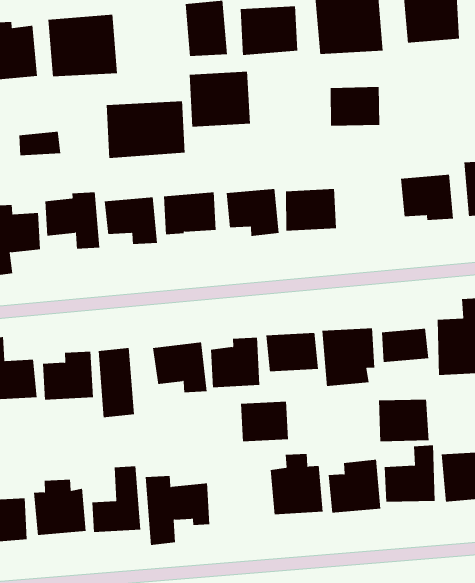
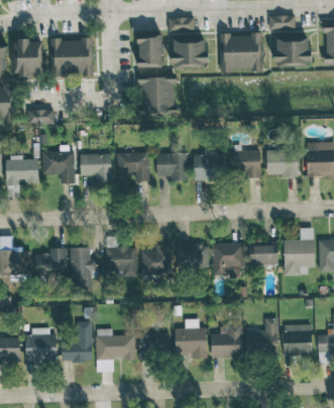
building: [330,87,380,126] -> [229,150,261,175]
building: [106,100,185,159] -> none
building: [379,399,429,442] -> none
building: [240,401,289,442] -> [139,333,169,358]

